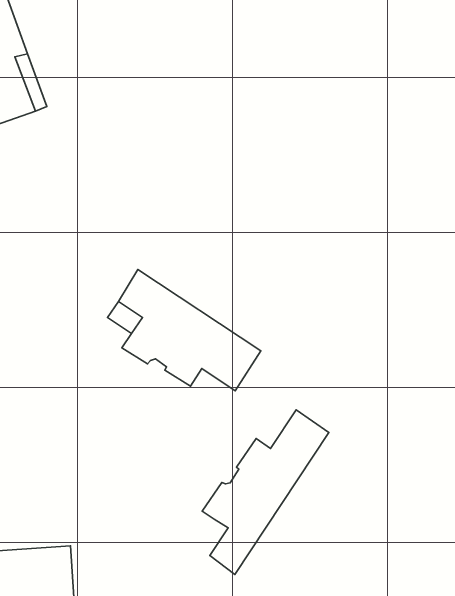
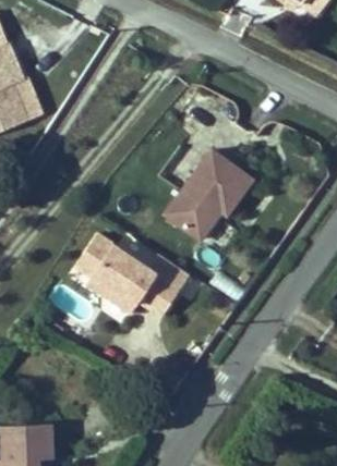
building: none -> [167,149,252,237]
building: [202,410,329,574] -> none

